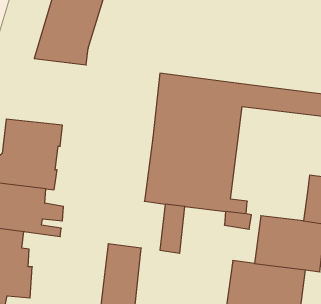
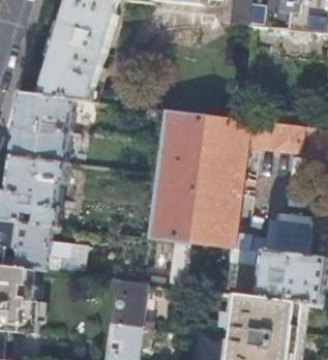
building: none -> [9,90,72,159]
building: none -> [263,220,309,254]

